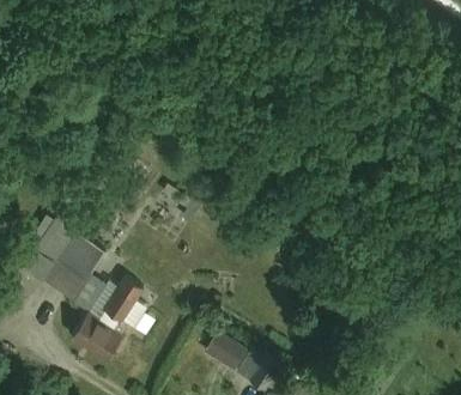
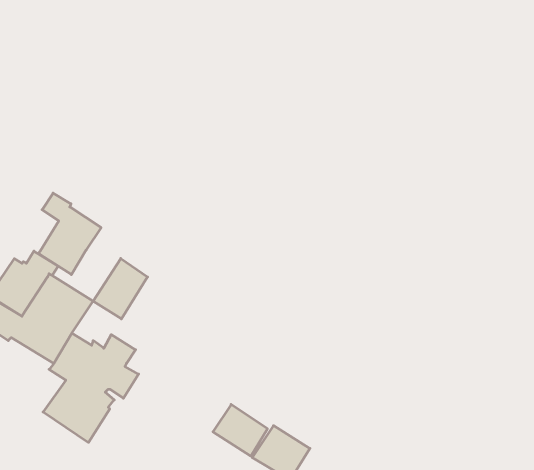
building: none -> [39,193,101,275]
building: none -> [93,258,148,319]

